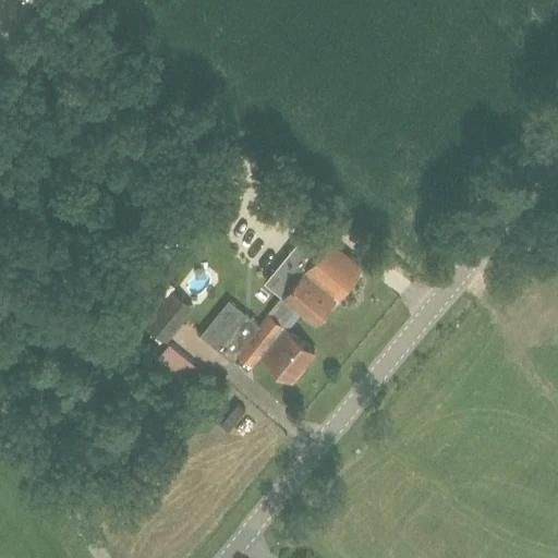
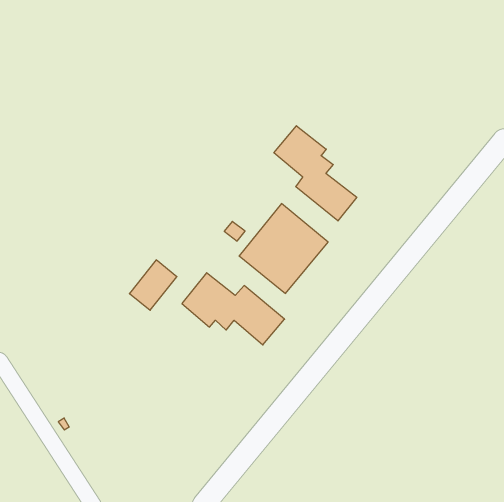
building: none -> [274,126,357,221]

